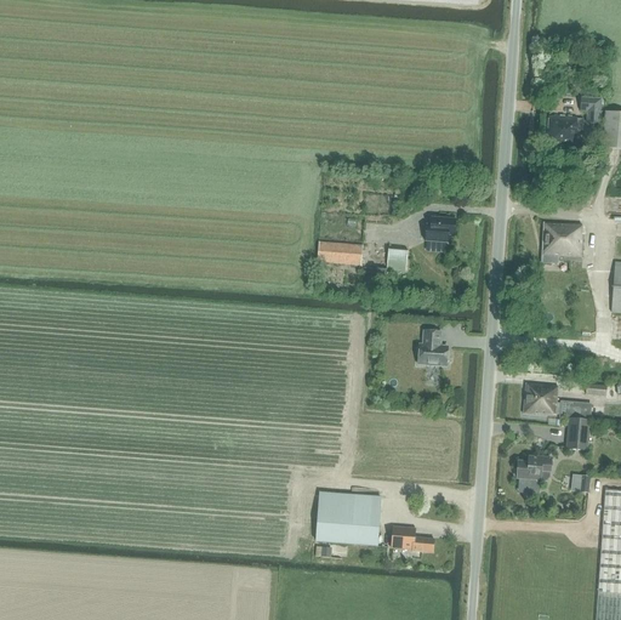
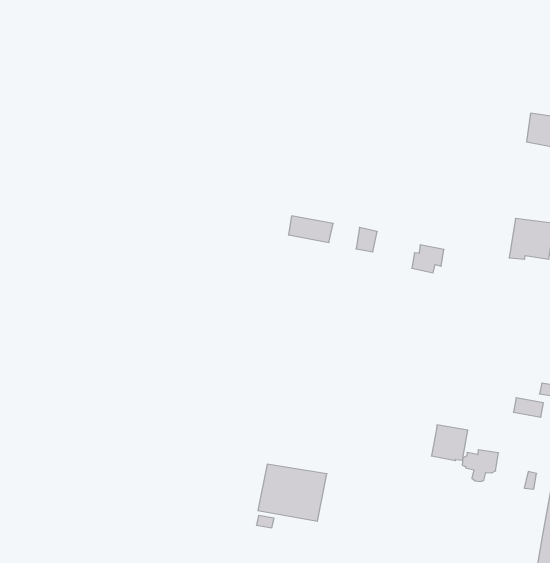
building: [425,216,455,243] -> [412,245,444,273]
building: [417,329,449,364] -> none
building: [523,381,557,415] -> [431,425,468,461]
building: [565,419,587,449] -> none
building: [389,525,432,551] -> none

